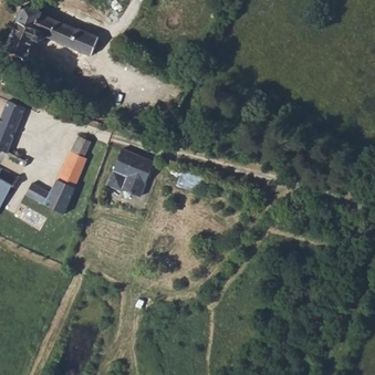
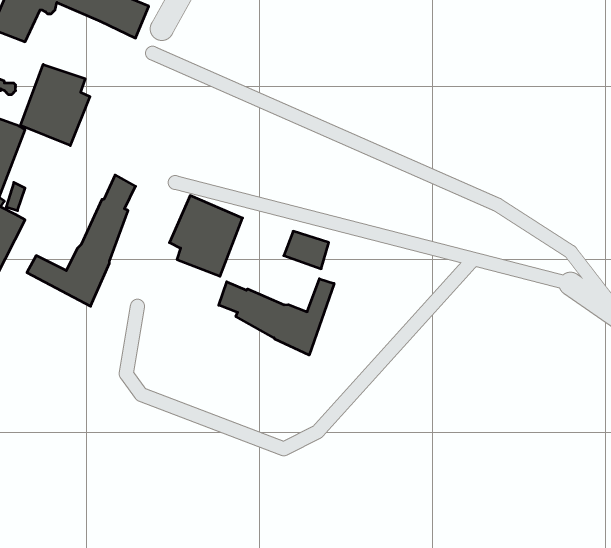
building: none -> [21,64,90,146]
building: none -> [219,279,334,355]

